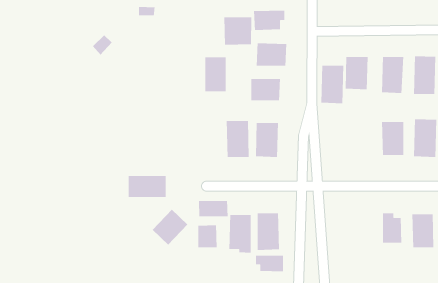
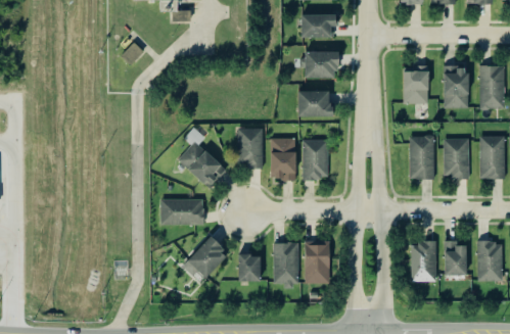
building: [223,17,252,46] -> none
building: [205,56,227,92] -> [238,129,263,169]
building: [320,65,344,104] -> [409,136,435,180]
building: none -> [178,141,227,189]
building: [198,200,228,217] -> none
building: none -> [411,242,436,282]
building: [255,255,284,272] -> none

